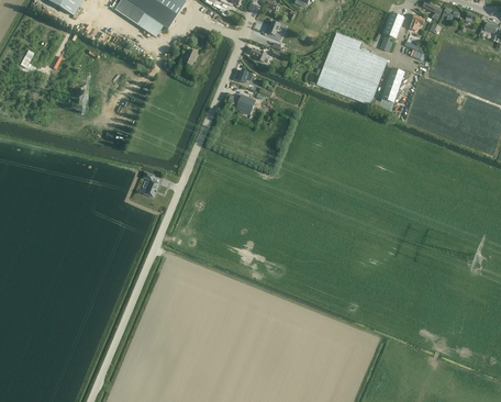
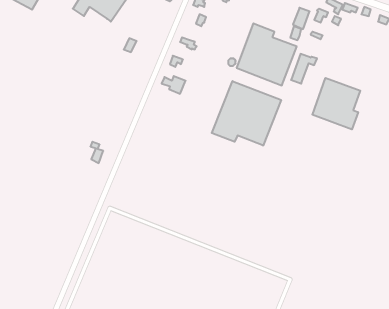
building: none -> [312,78,360,129]
building: none -> [212,81,281,146]

